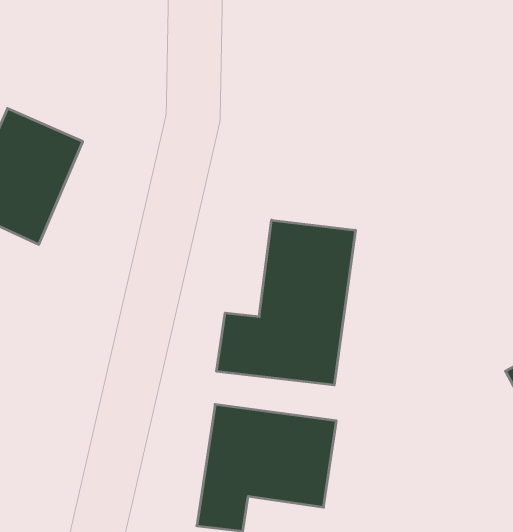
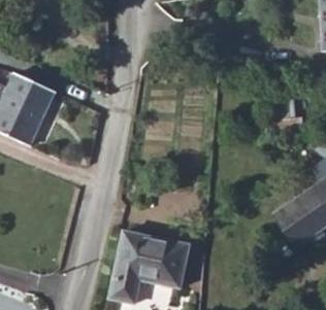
building: [217,220,355,385] -> none

